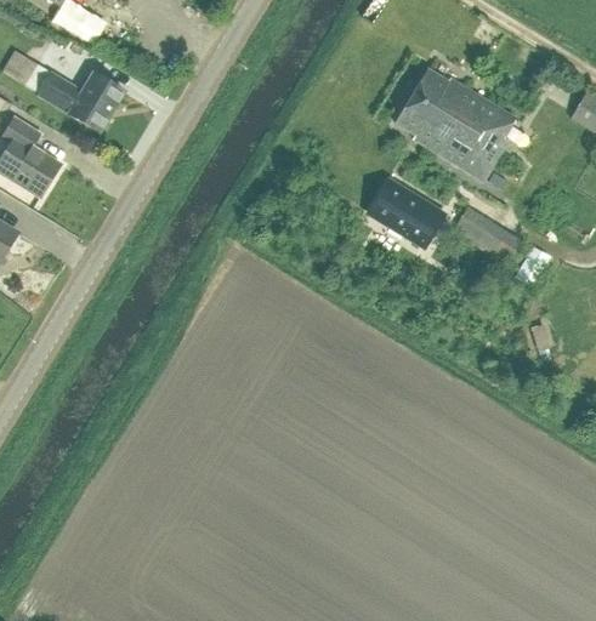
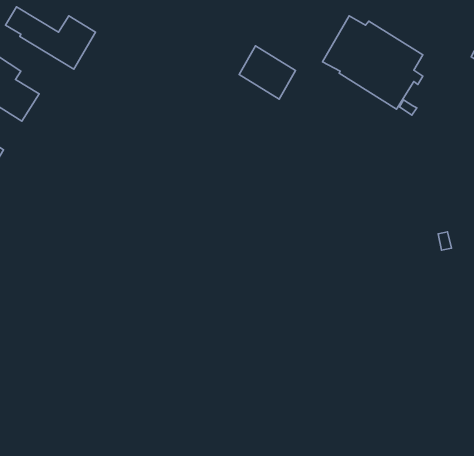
building: [376,182,443,245] -> [239,46,295,99]
building: [454,207,517,260] -> none

